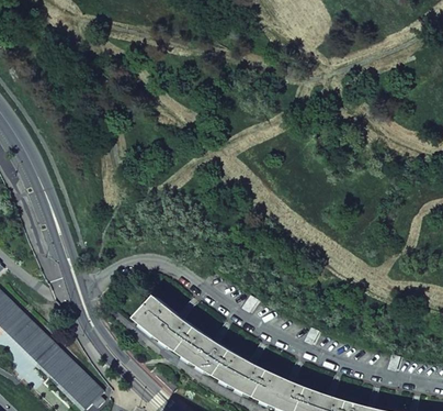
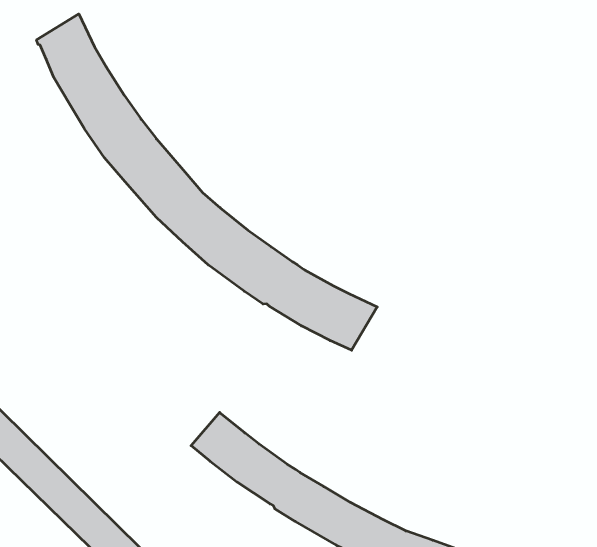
building: none -> [37,14,377,350]

